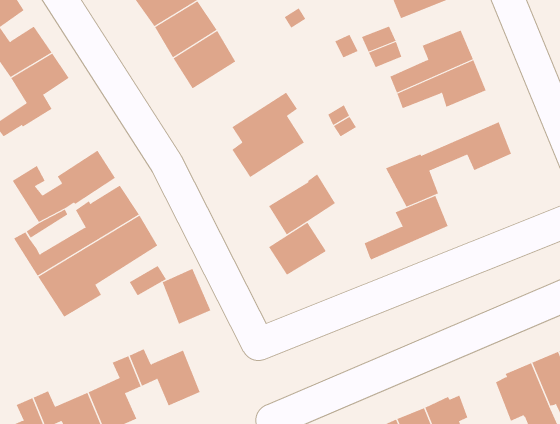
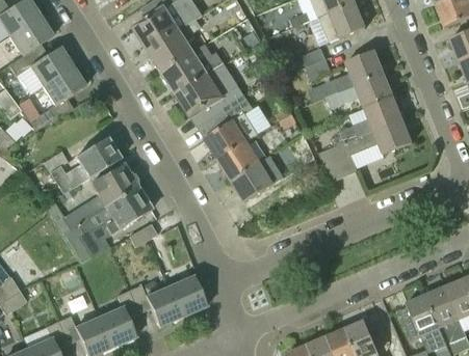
building: none -> [176,62,259,121]
building: [364,195,448,260] -> [340,94,402,142]
building: [268,222,326,275] -> [218,140,261,180]
building: [162,268,211,324] -> [170,275,206,317]

